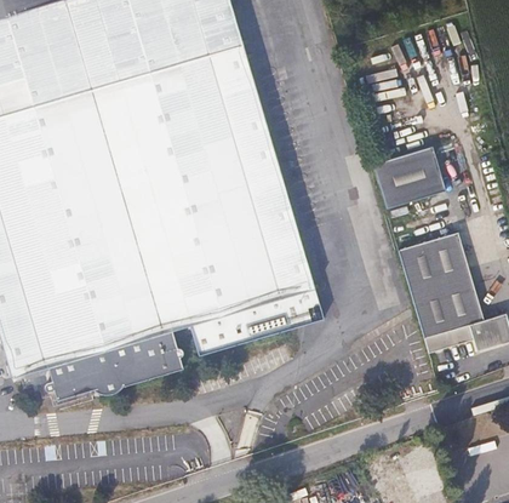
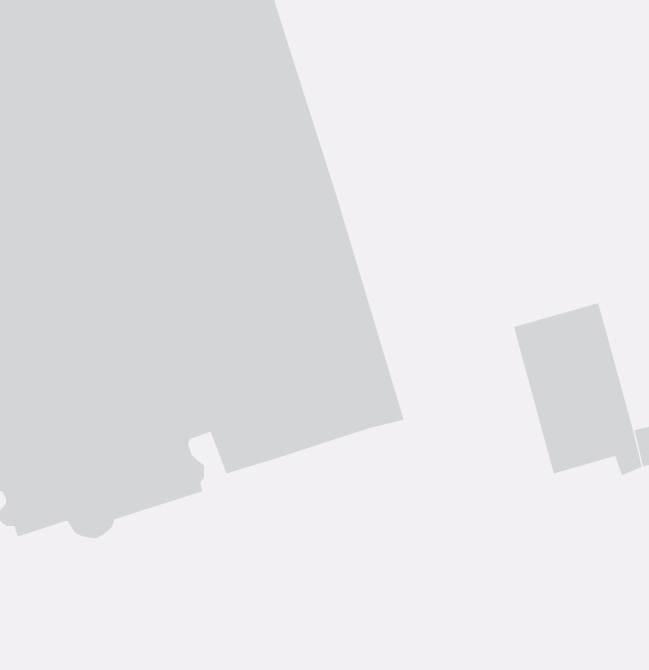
building: [374,148,448,210] -> none

